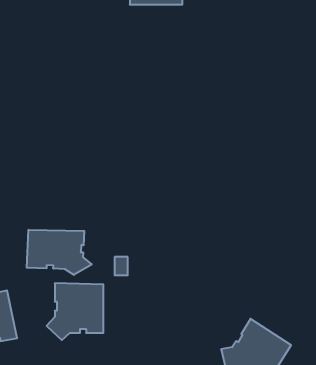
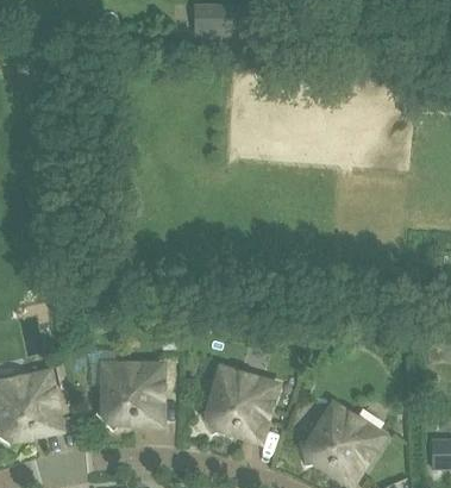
building: [27,230,92,275] -> none
building: none -> [200,365,277,437]

